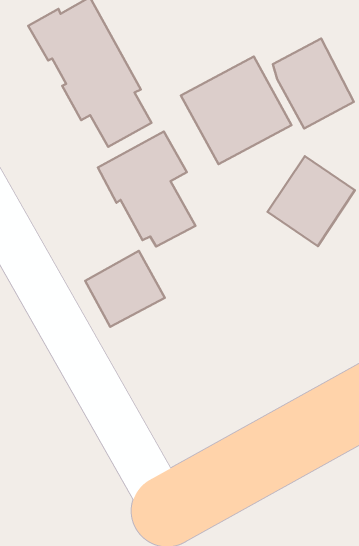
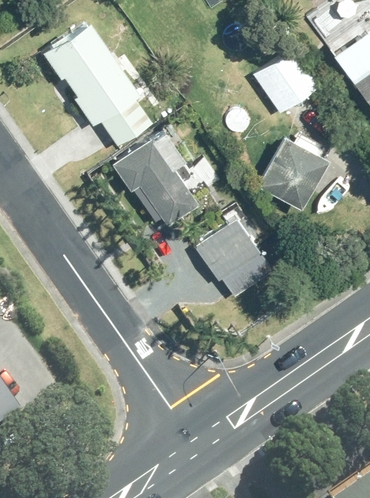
building: [181,57,291,164] -> none
building: [85,251,165,327] -> [194,216,262,282]

